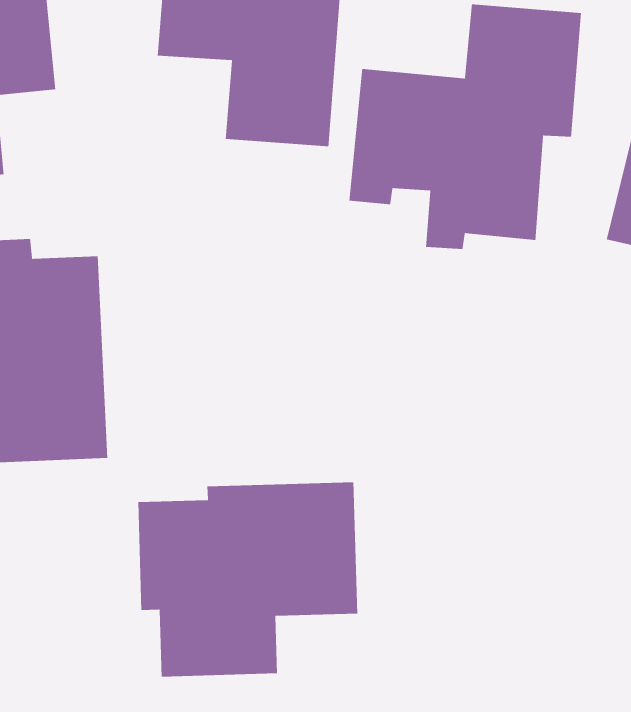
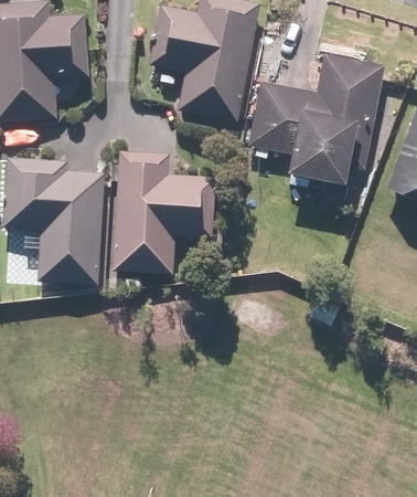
building: none -> [113,149,217,275]
building: [137,482,358,677] -> none

